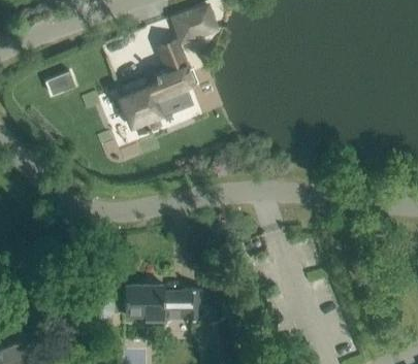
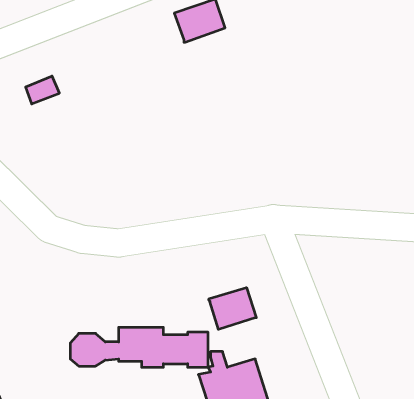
building: [120,40,196,133] -> none
building: none -> [209,288,256,329]

